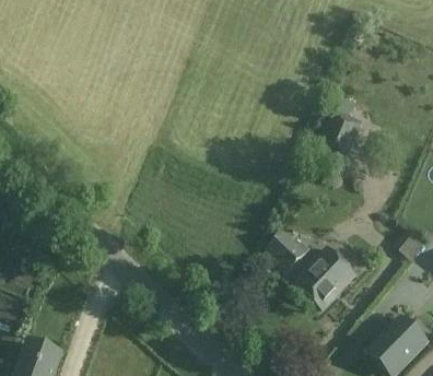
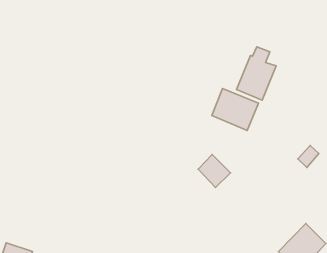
building: none -> [212,89,258,131]
building: [299,250,355,308] -> none

